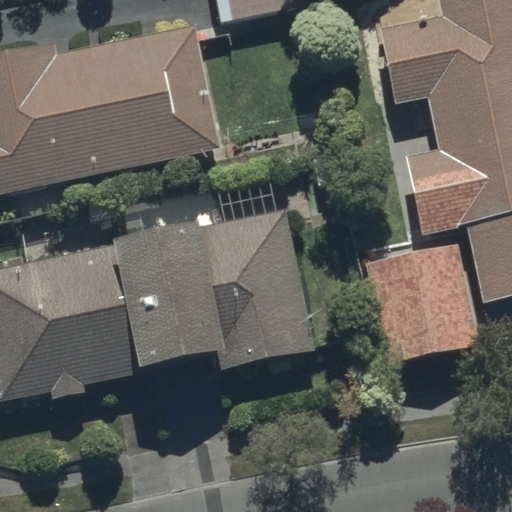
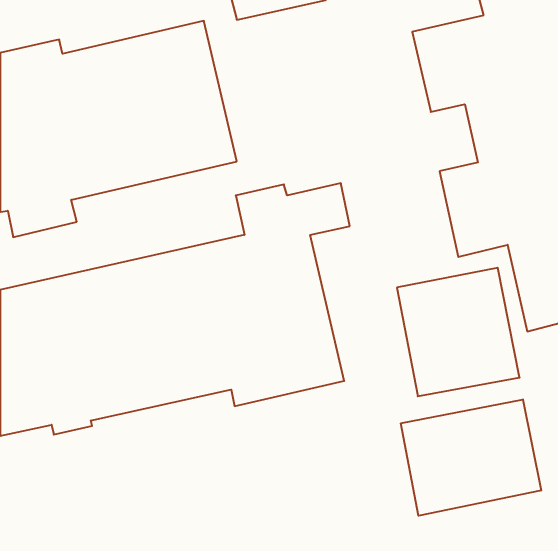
building: none -> [401,399,541,516]

